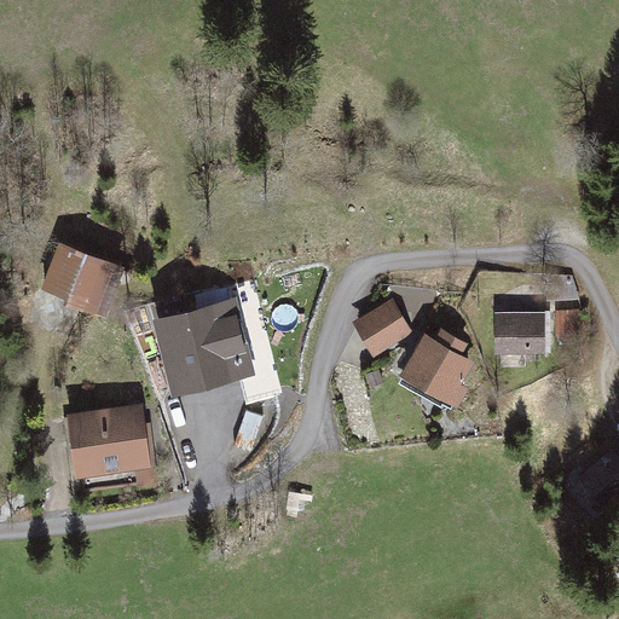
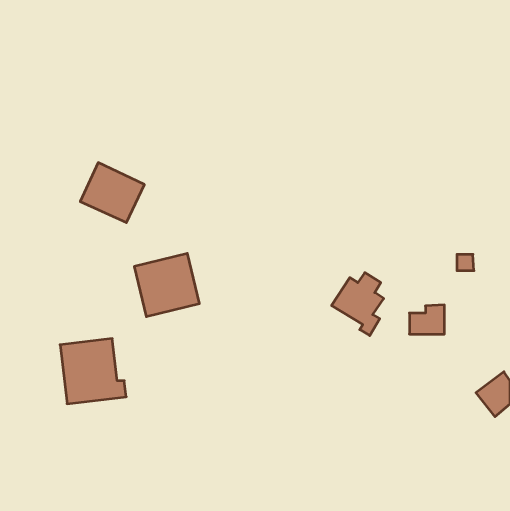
building: [44,238,121,311] -> [80,163,144,223]
building: [357,305,409,357] -> none
building: [496,310,538,345] -> [409,305,444,334]

